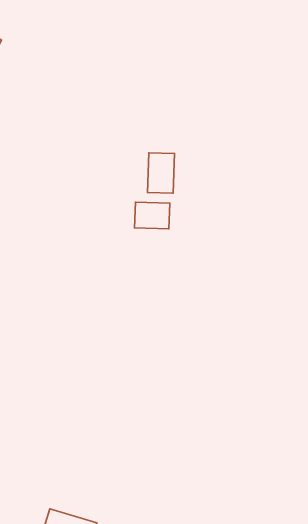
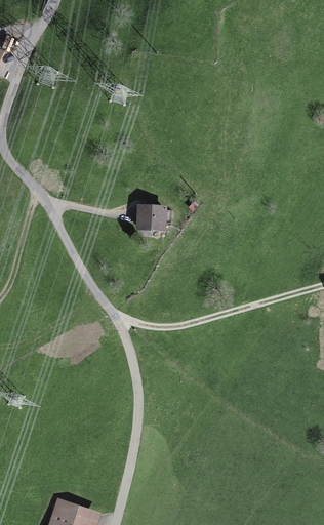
building: [147,153,174,193] -> none

